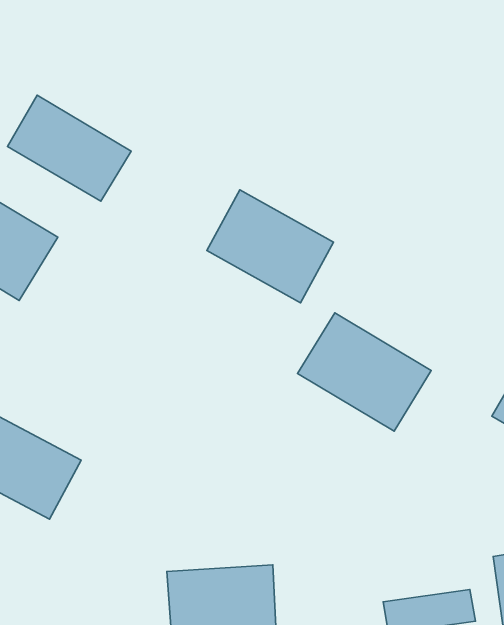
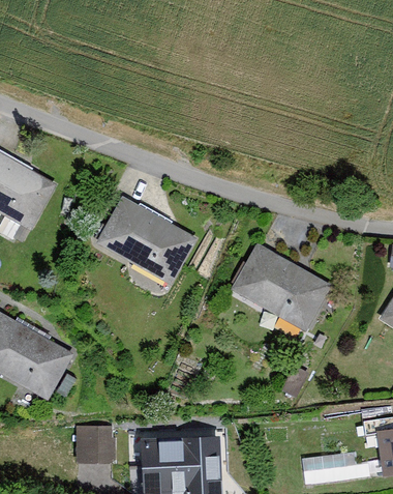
building: [7,95,131,201] -> none
building: [207,190,333,303] -> [98,200,193,285]
building: none -> [74,427,113,462]

